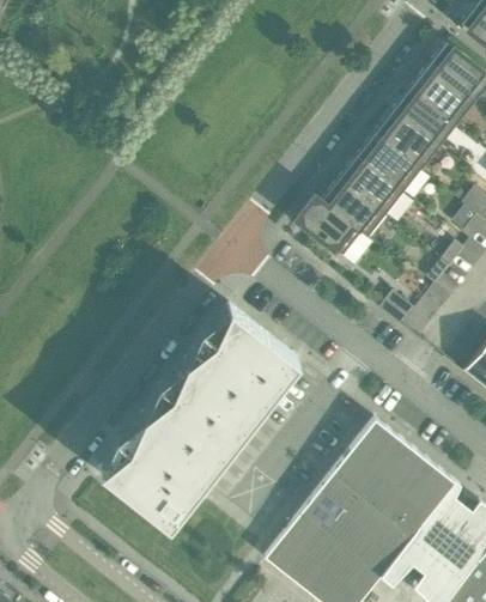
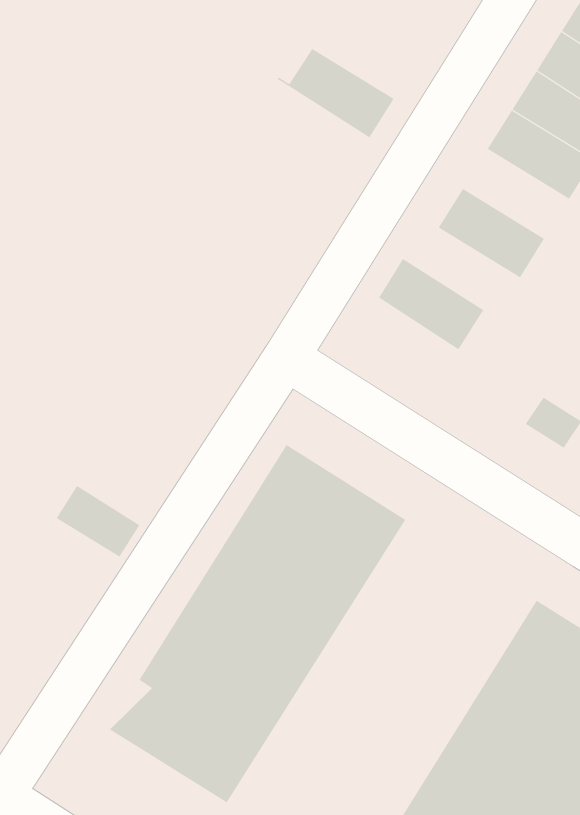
building: [356,135,421,195] -> none
building: [314,181,385,241] -> [277,48,395,138]
building: none -> [56,479,140,557]

